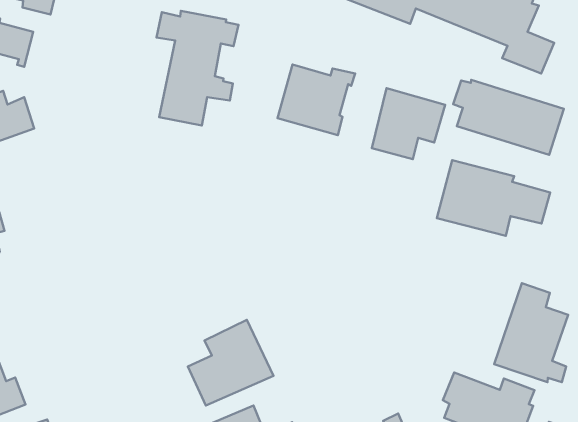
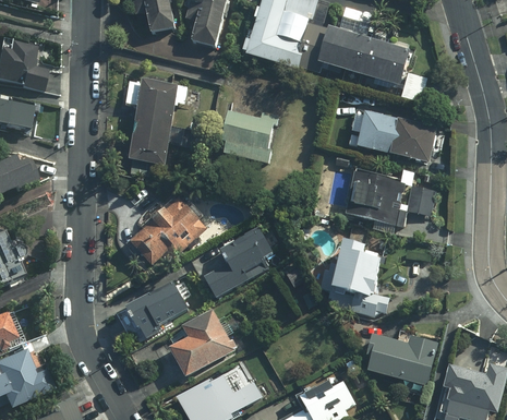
building: [372,88,445,159] -> none
building: none -> [132,197,205,265]
building: none -> [204,227,274,298]
building: none -> [129,283,191,337]
building: [494,283,568,382] -> [334,242,388,315]

